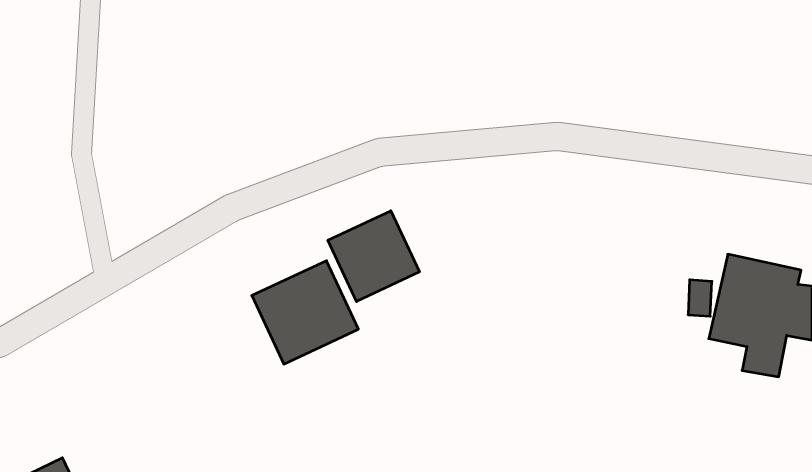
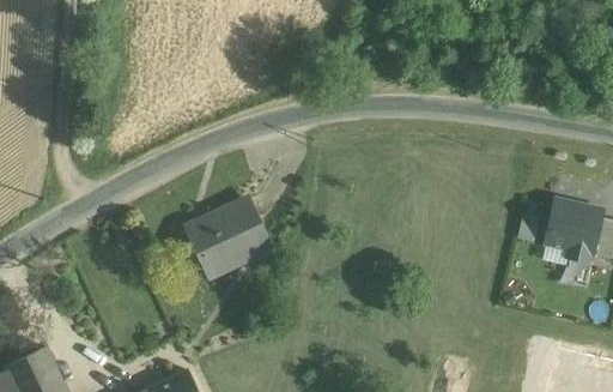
building: [328,211,419,302] -> none

